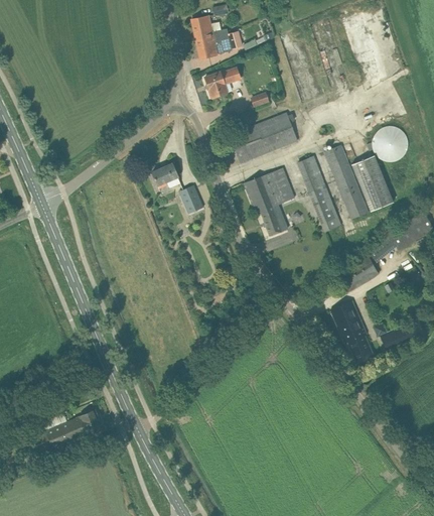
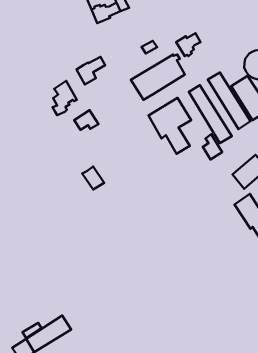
building: [204,68,241,98] -> [76,57,105,84]
building: none -> [176,33,200,56]
building: none -> [53,81,77,115]
building: [178,185,203,214] -> [82,167,104,190]
building: none -> [203,134,222,159]

